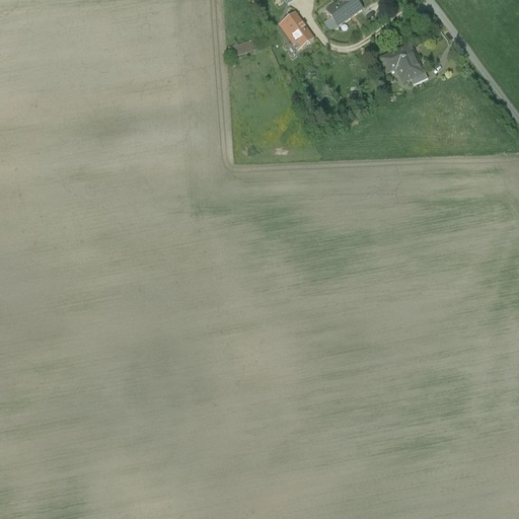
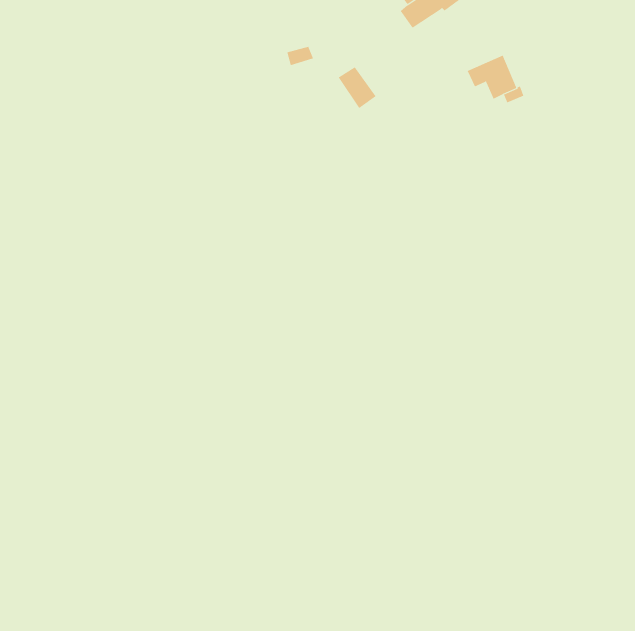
building: [280,13,311,48] -> [338,66,376,109]

